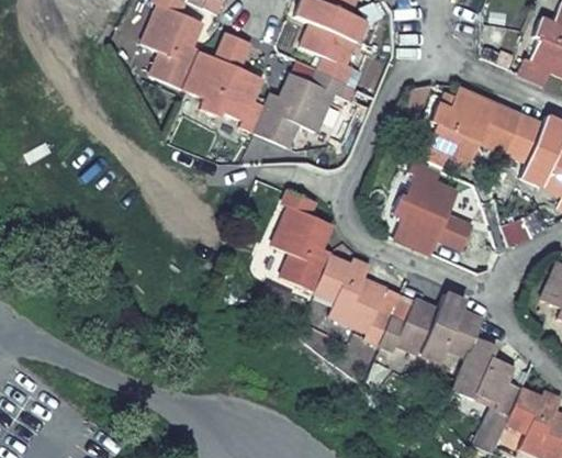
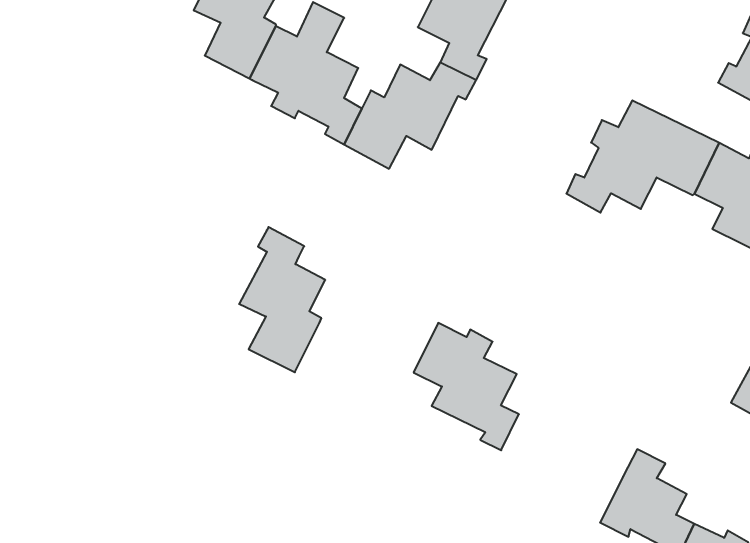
building: [392,157,473,253] -> none
building: [271,189,331,291] -> [239,227,325,372]
building: [380,292,484,361] -> none

